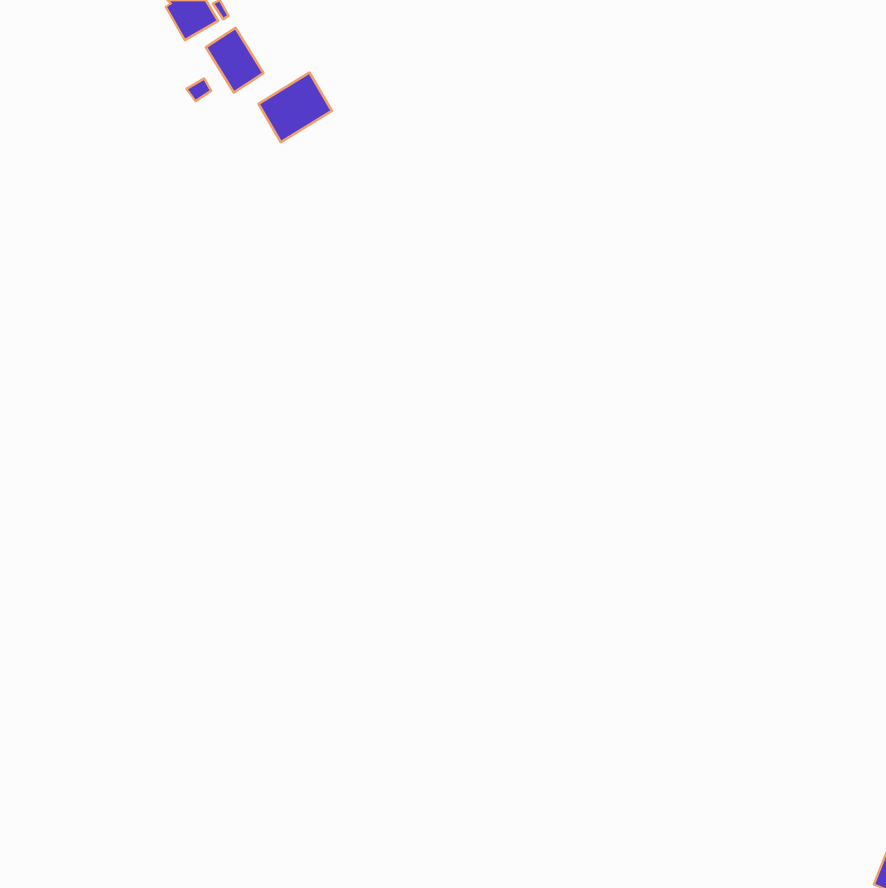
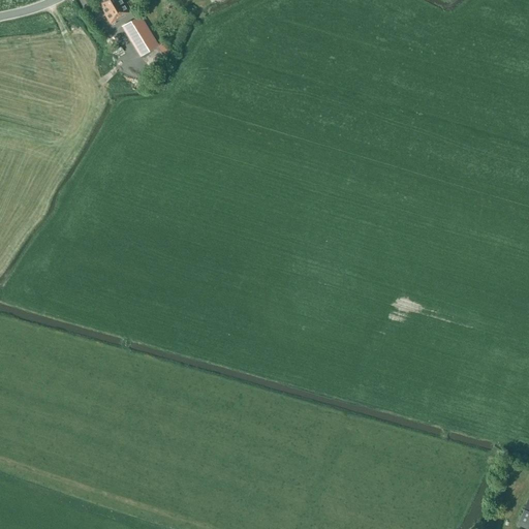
building: [258,72,332,142] -> none

